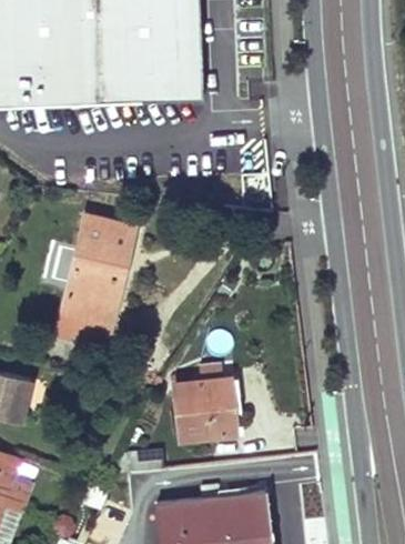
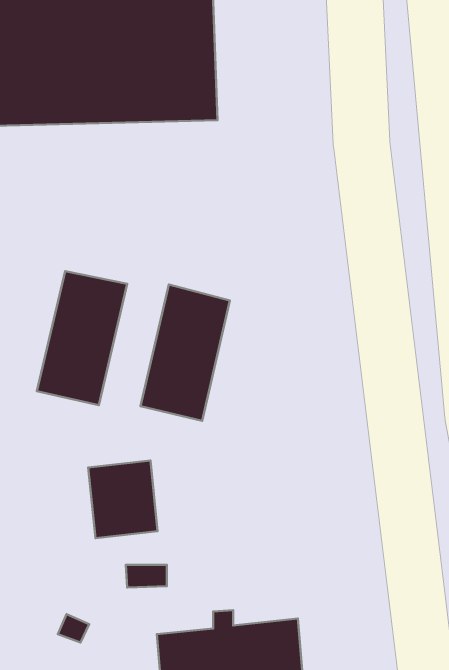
building: none -> [141,285,230,421]
building: [174,380,229,441] -> [88,460,157,538]

